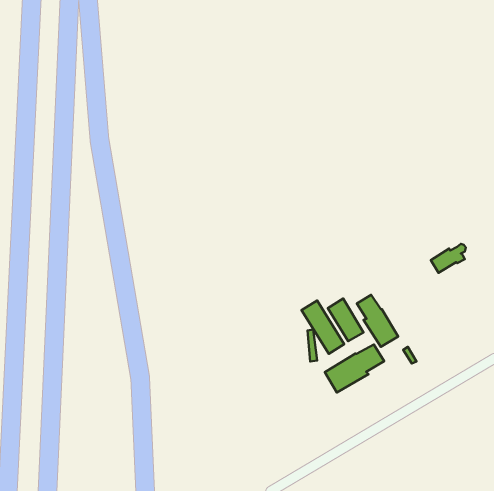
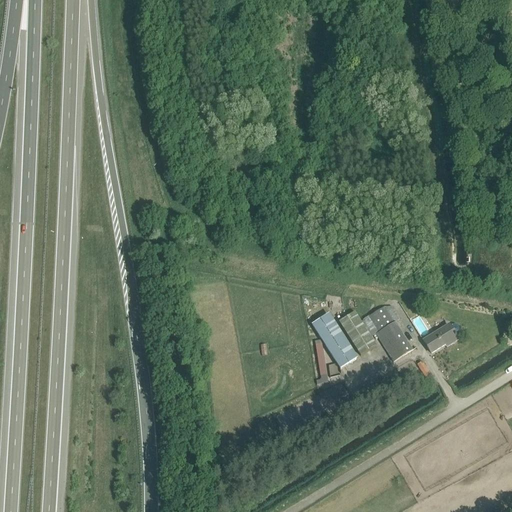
building: [431,244,466,273] -> [423,321,459,351]
building: [325,344,384,392] -> none

